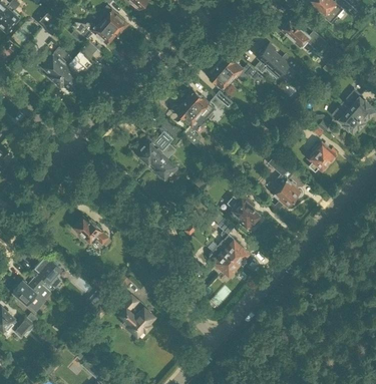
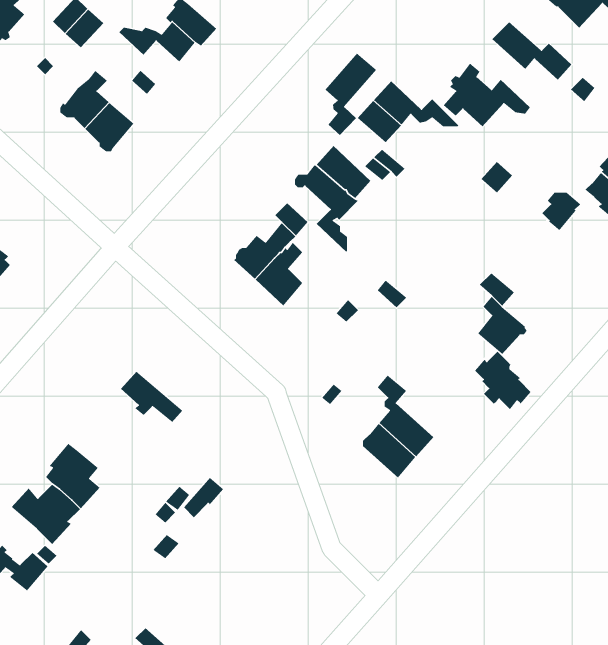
building: none -> [325,52,377,136]
building: [307,142,336,170] -> none
building: [228,193,260,226] -> [474,351,532,410]
building: [120,296,154,335] -> none

